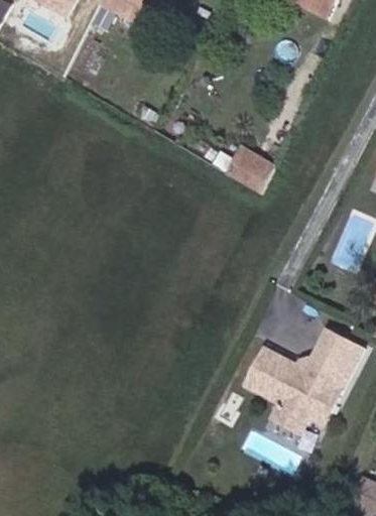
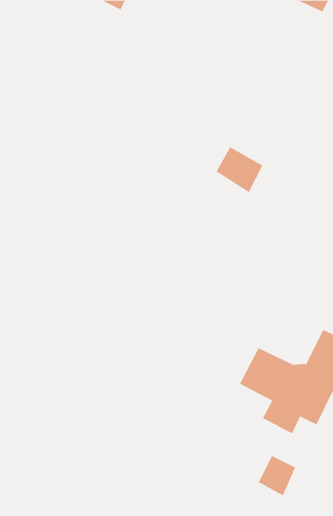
building: none -> [258,455,296,496]

